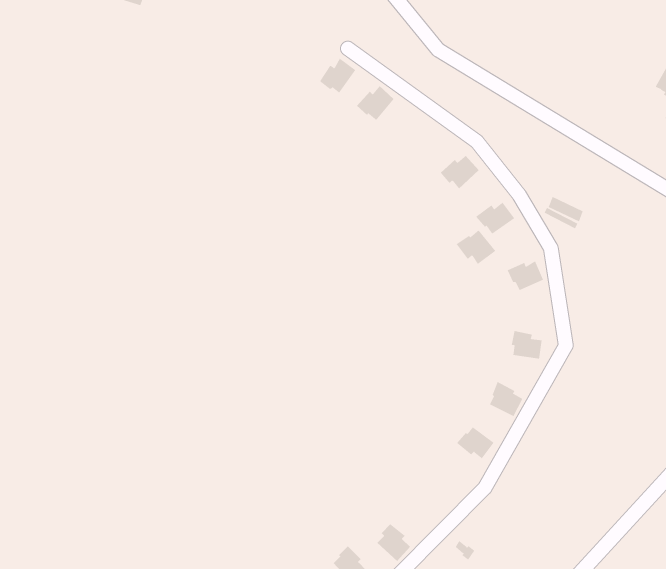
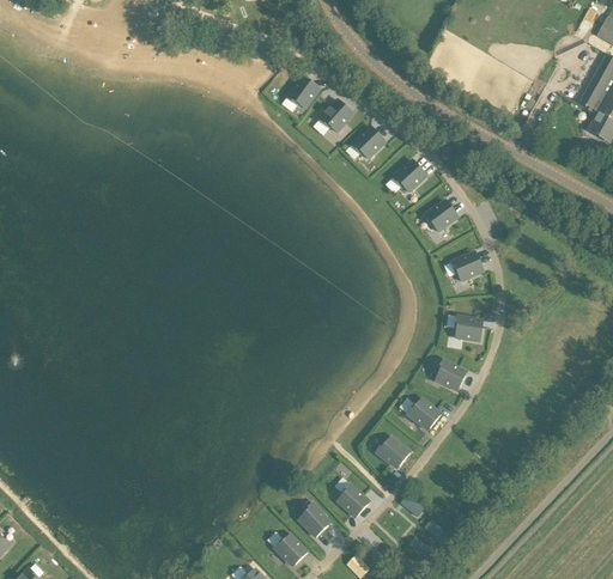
building: none -> [352,128,386,158]
building: [456,230,496,265] -> none
building: none -> [376,435,411,465]

